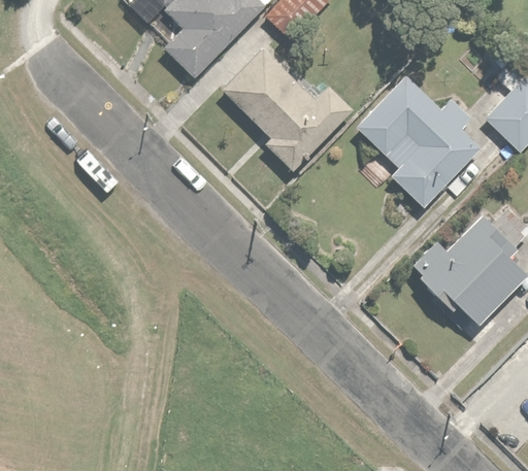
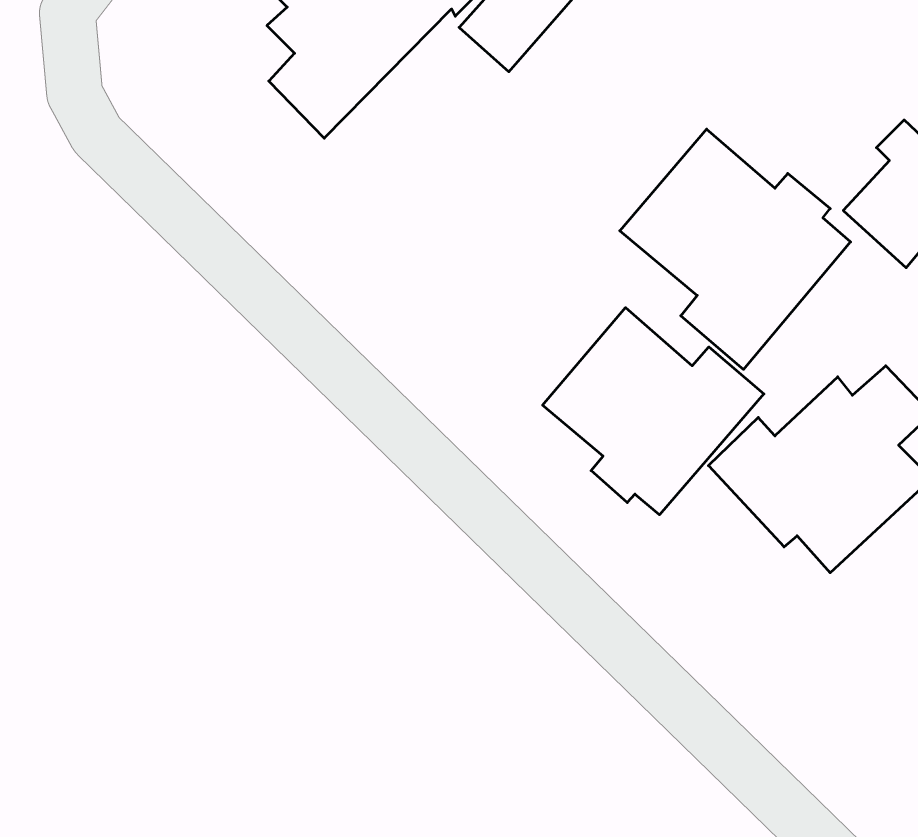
building: [224,45,357,178] -> none
building: none -> [543,308,764,515]

